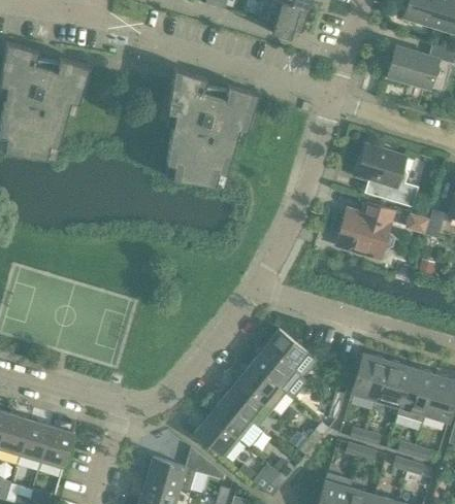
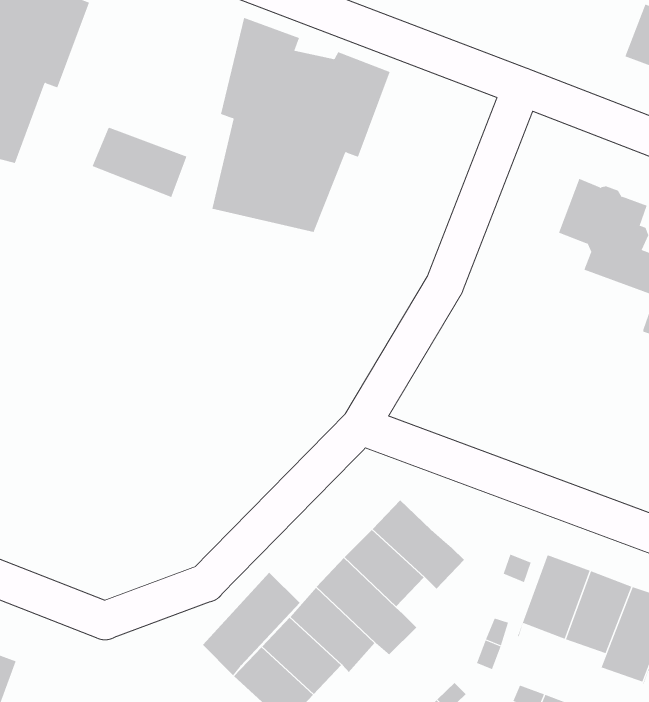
building: none -> [92,120,187,198]
building: [335,201,395,258] -> none
building: none -> [202,572,301,676]

